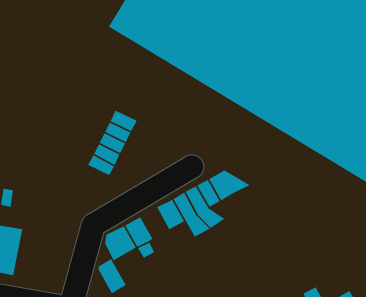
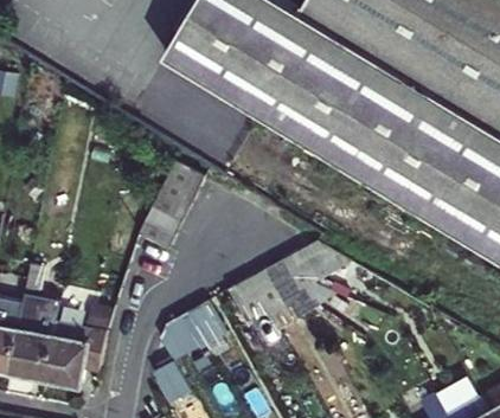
building: none -> [41,306,109,388]

